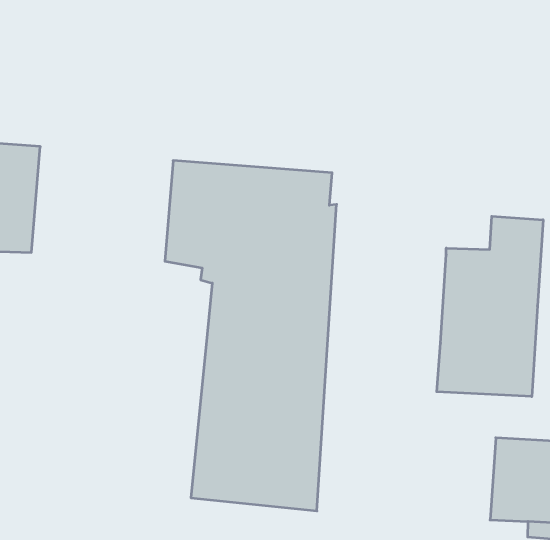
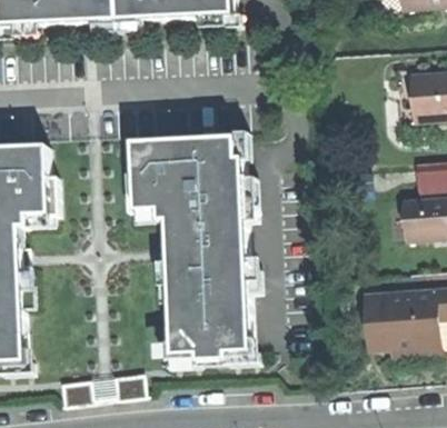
building: [437,216,543,397] -> none

